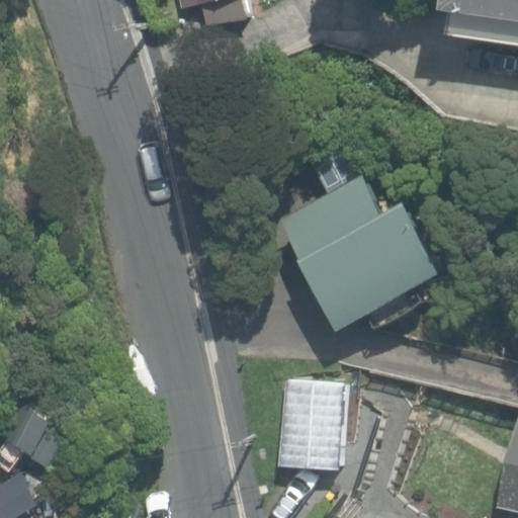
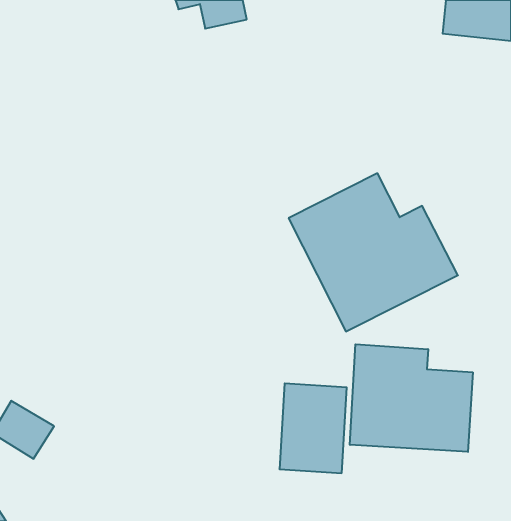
building: none -> [350,344,473,452]

